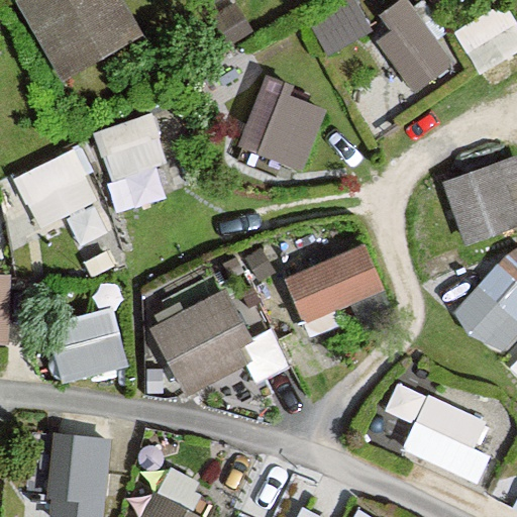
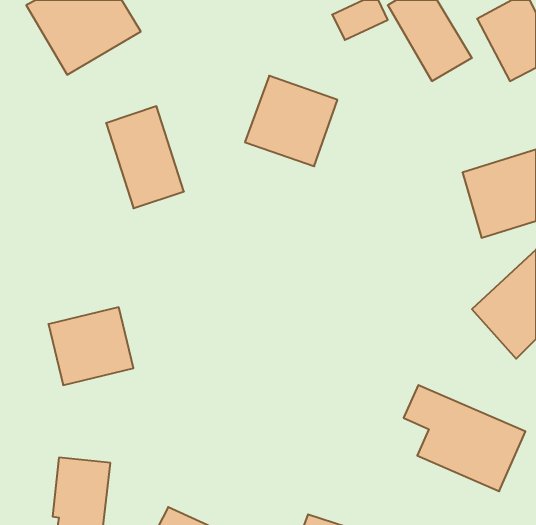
building: [18,151,100,227] -> none
building: [283,243,385,324] -> none
building: [147,281,267,395] -> none

